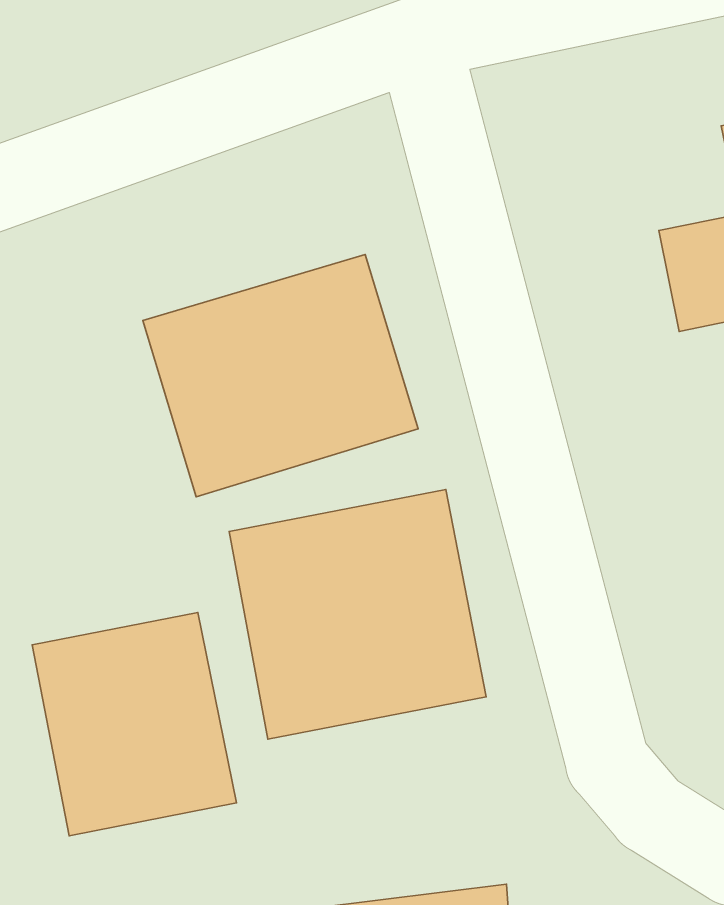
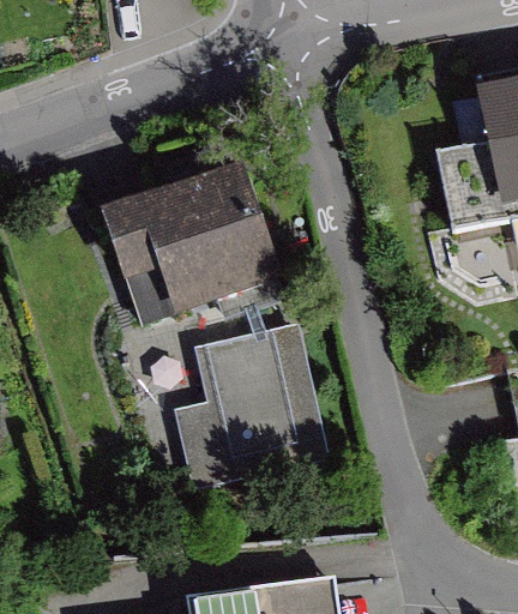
building: [32,613,236,836] -> none

